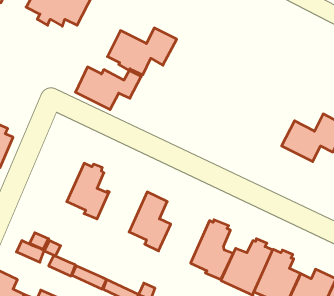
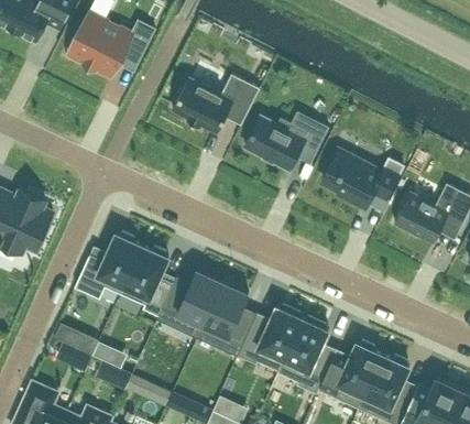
building: [75,67,141,110] -> [244,116,328,170]
building: none -> [321,149,403,209]
building: none -> [75,231,142,298]
building: none -> [156,271,222,333]
building: none -> [237,305,302,372]

